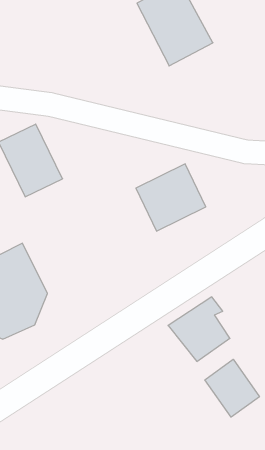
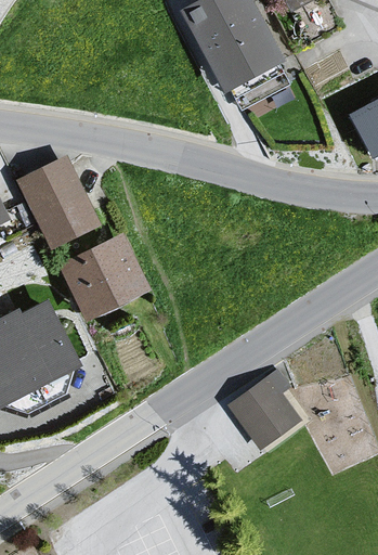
building: [136,164,206,231] -> [62,236,146,318]
building: [205,359,259,417] -> none

